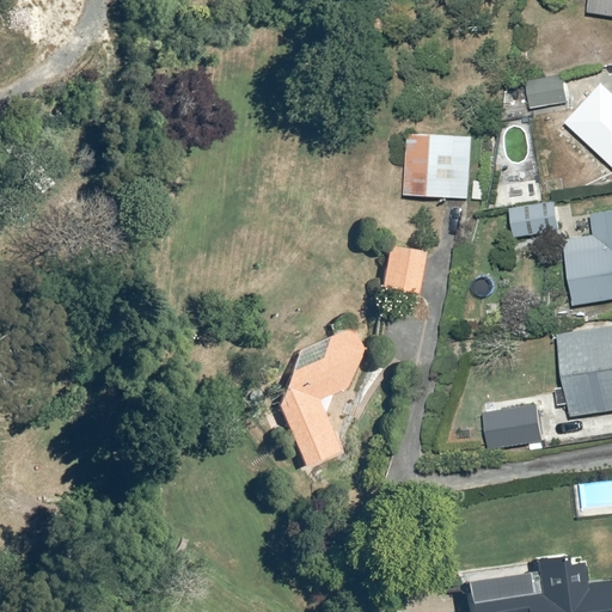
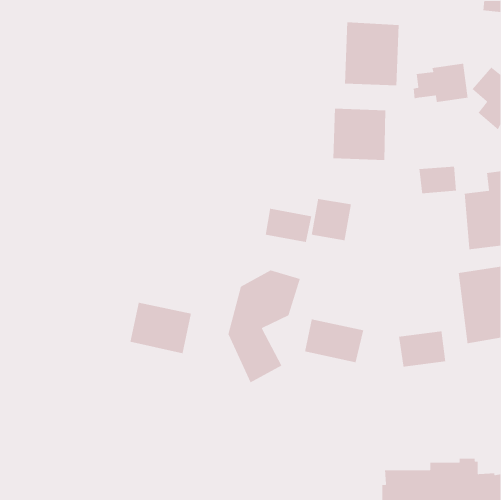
building: none -> [344,21,399,86]
building: none -> [265,208,312,243]
building: none -> [130,302,192,354]
building: none -> [304,319,364,363]

